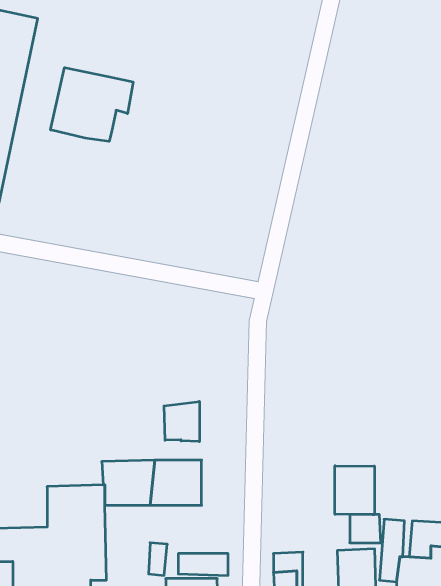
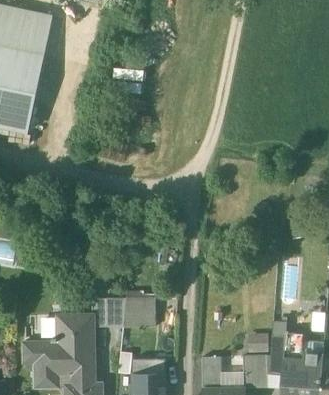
building: [51,68,133,141] -> none
building: [164,401,199,442] -> none
building: [335,466,374,515] -> none

